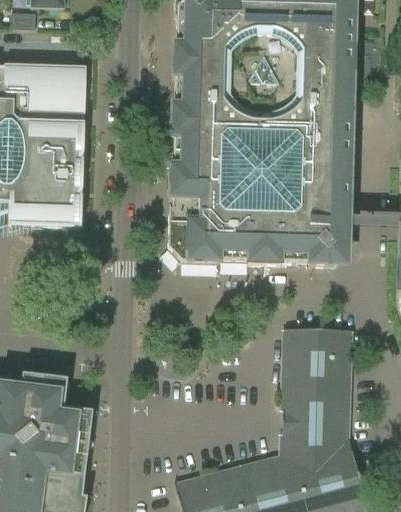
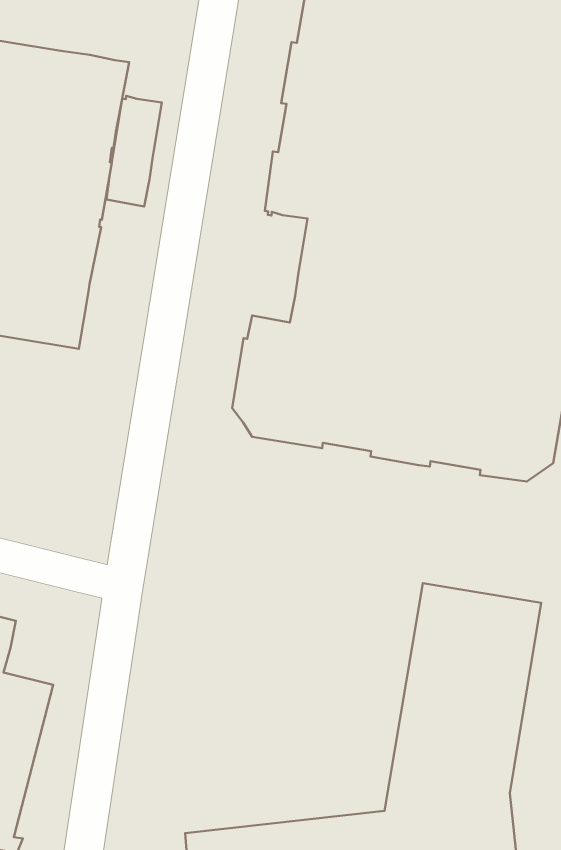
building: [173,137,196,196] -> [107,96,162,206]

